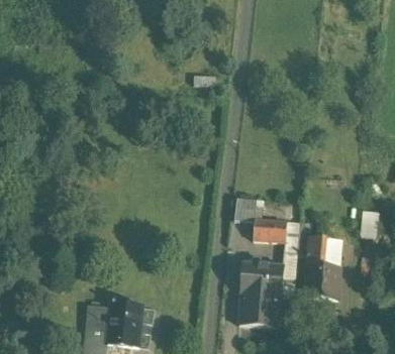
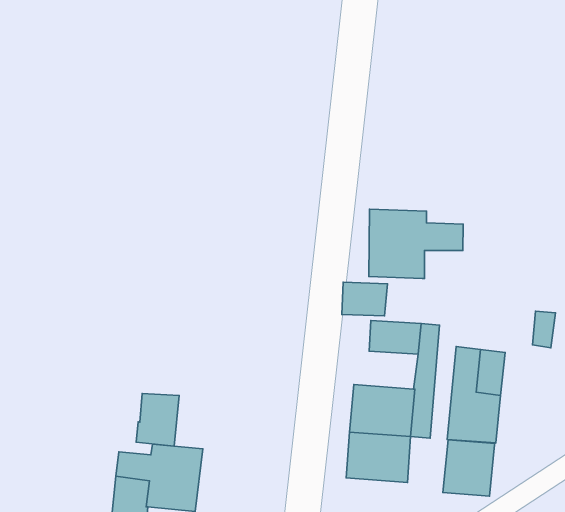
building: none -> [369,209,463,279]
building: none -> [136,394,179,446]
building: none -> [443,440,495,496]

